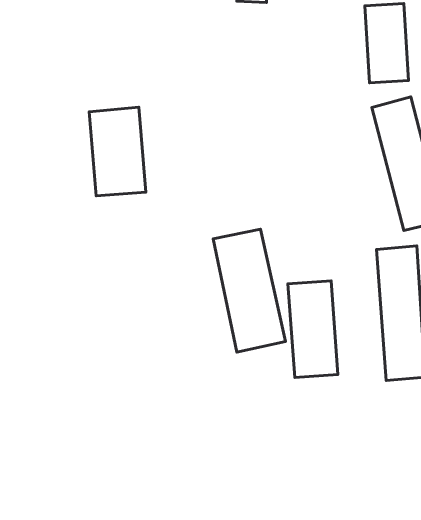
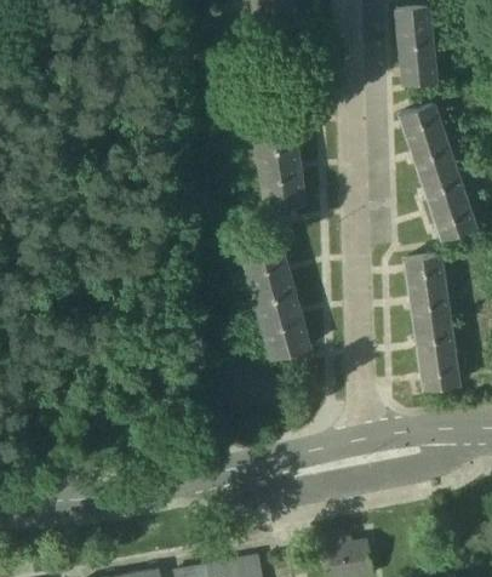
building: [89,107,146,196] -> [247,119,305,210]
building: [288,281,338,378] -> none

